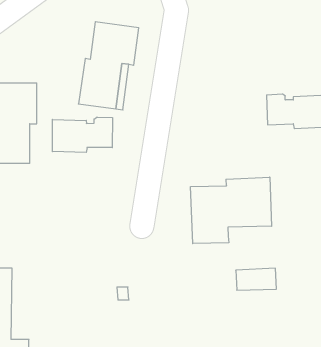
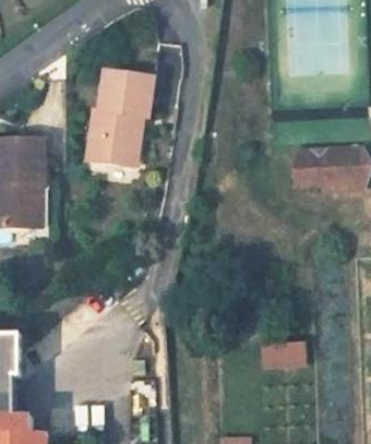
building: [52,117,112,152] -> none
building: [191,177,272,244] -> none

